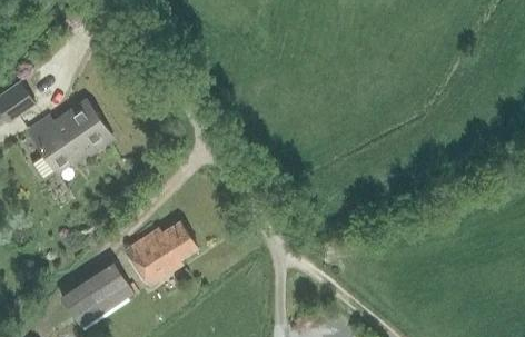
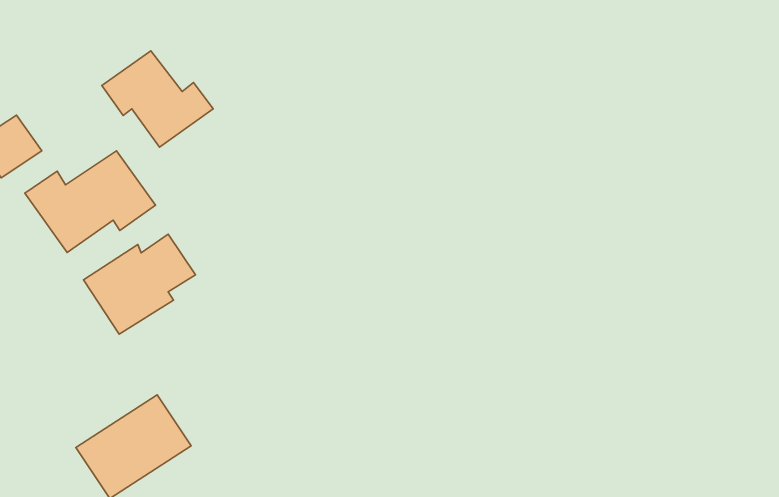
building: none -> [102,51,213,147]
building: [123,220,197,286] -> [83,234,195,334]

